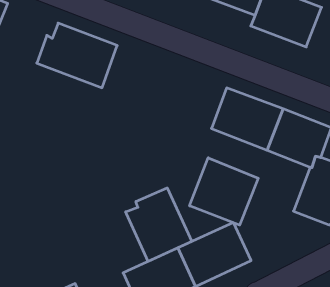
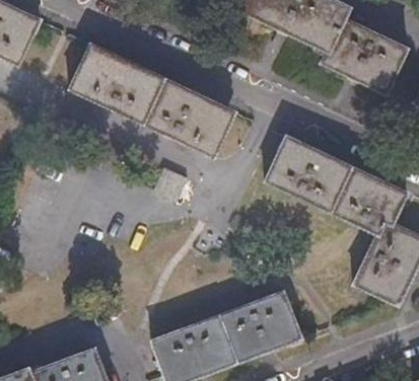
building: none -> [143,75,230,156]
building: [190,158,258,225] -> none
building: [126,188,192,261] -> none

